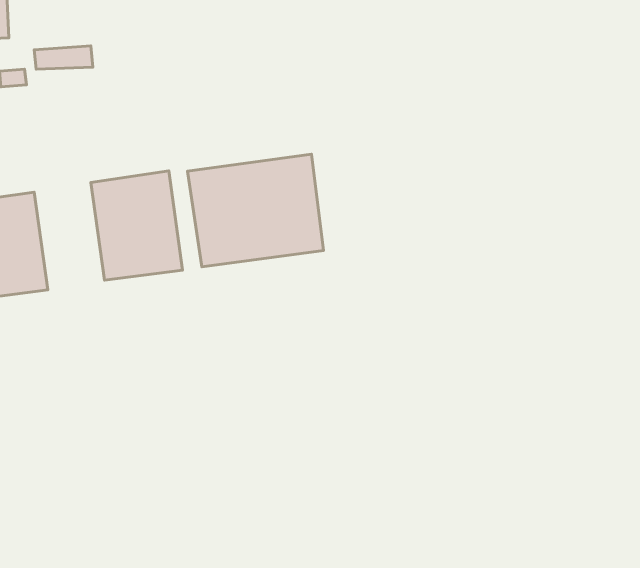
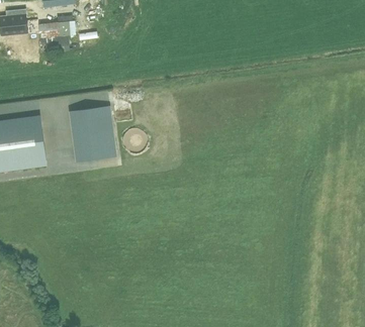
building: none -> [38,20,76,37]
building: [188,154,323,267] -> none

